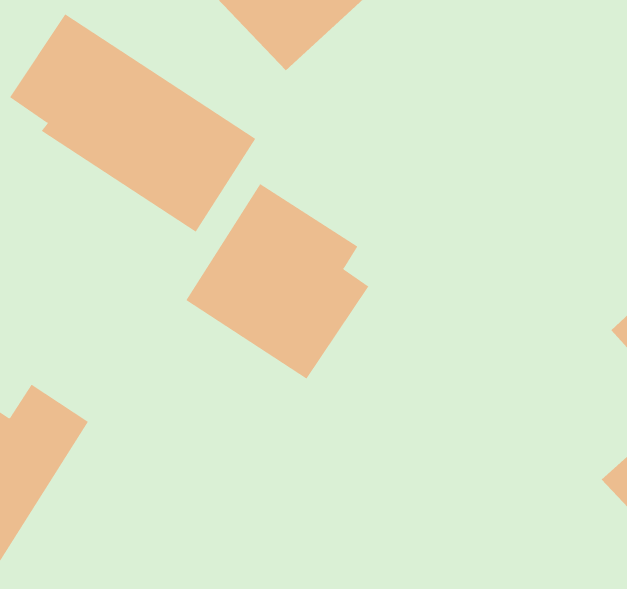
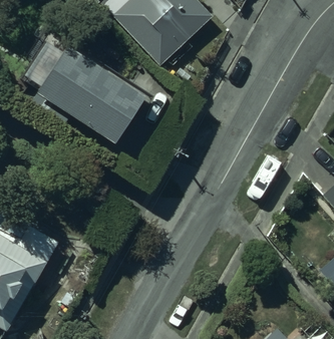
building: [186,183,369,380] -> none

